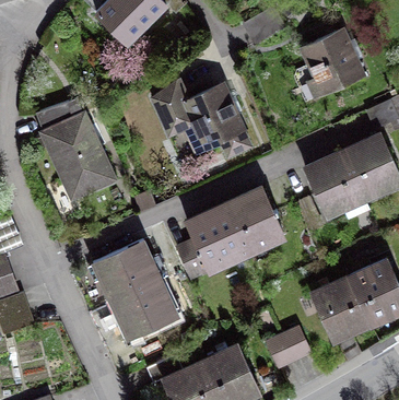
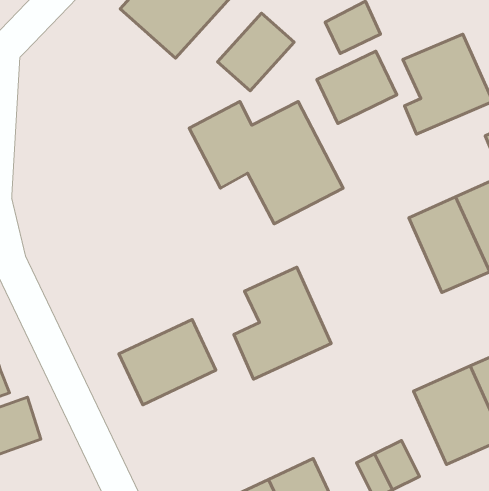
building: none -> [218,13,294,91]
building: none -> [317,51,397,123]
building: [33,99,122,204] -> none
building: [221,183,286,257] -> none
building: [108,277,180,340] -> none

